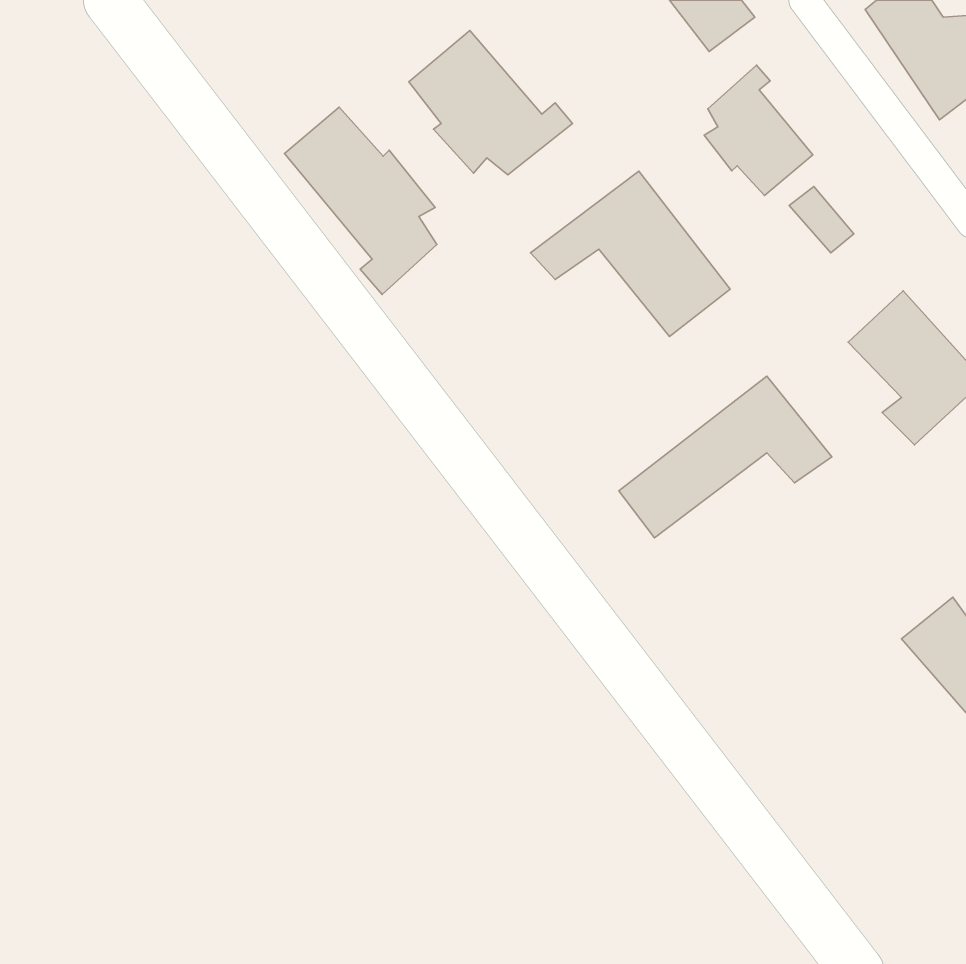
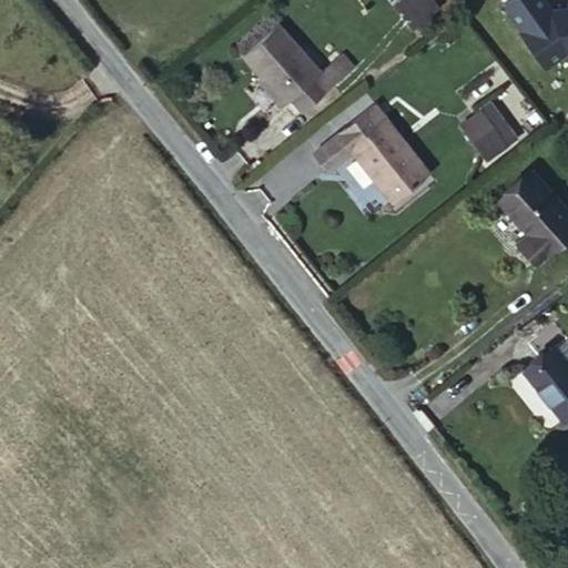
building: [704,65,813,195] -> none
building: [285,107,437,295] -> none
building: [619,376,832,538] -> none

